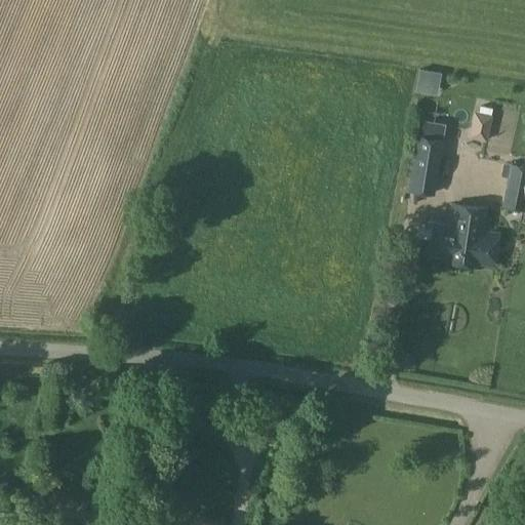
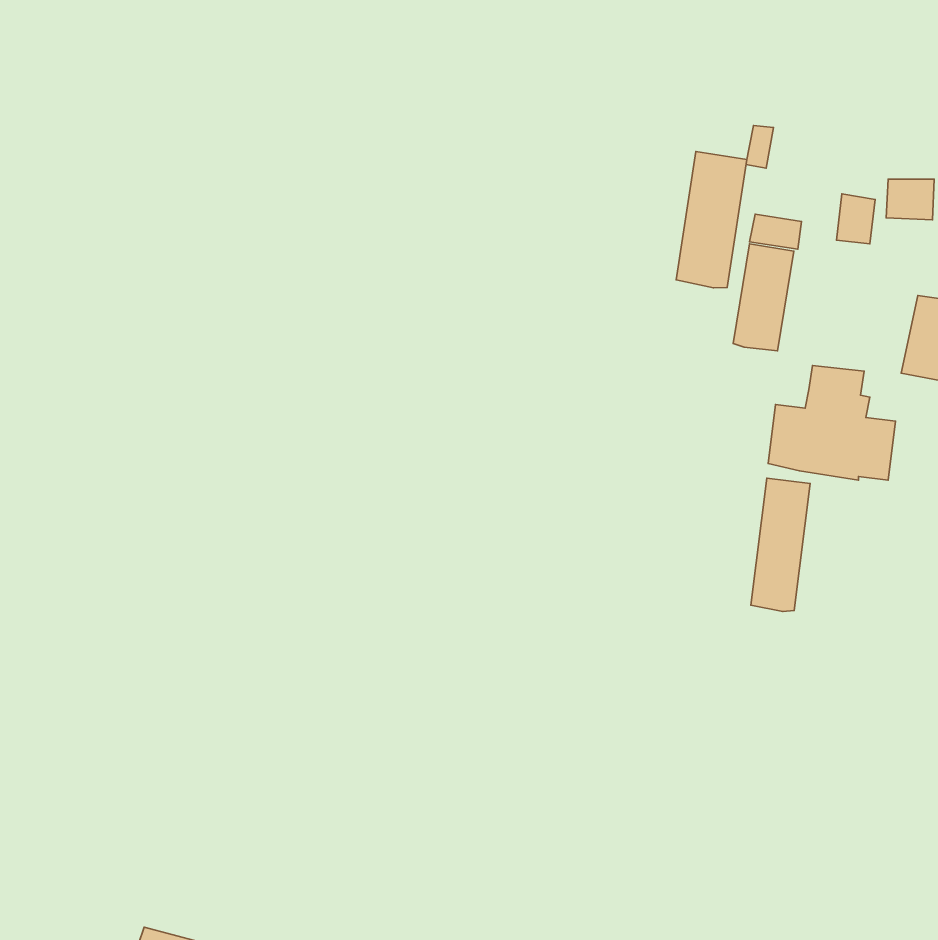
building: none -> [676,152,747,288]
building: none -> [751,478,810,612]

